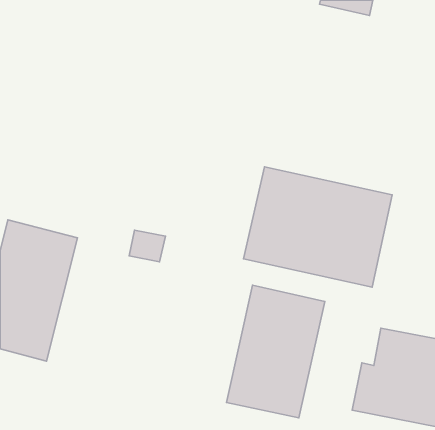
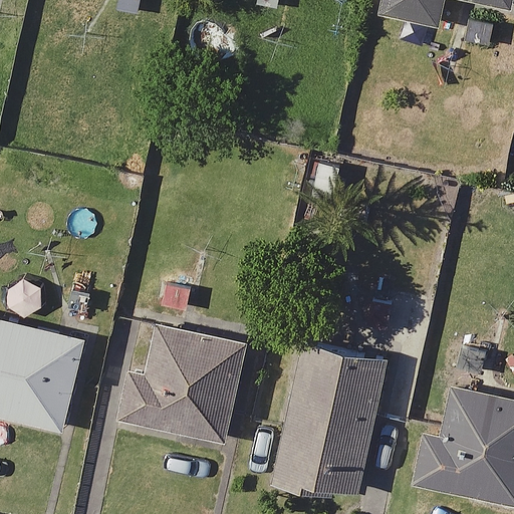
building: [244,167,392,287] -> none
building: none -> [121,320,246,444]

